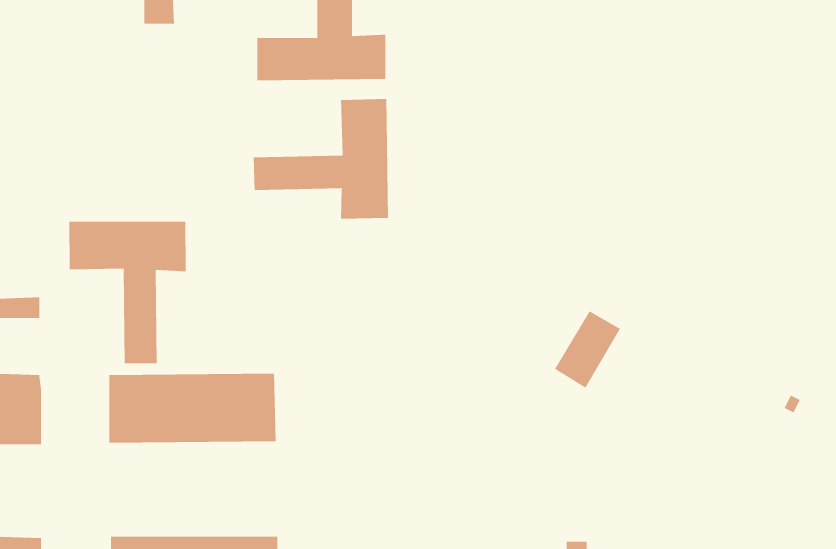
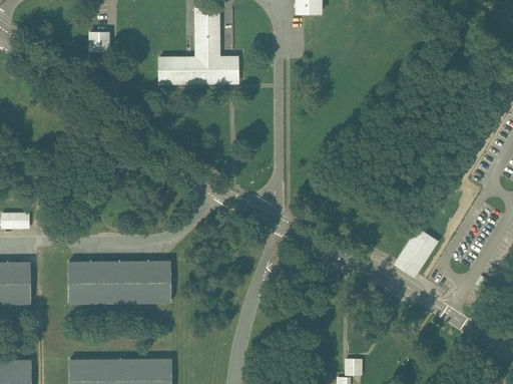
building: [253,98,388,220] -> none
building: [69,221,186,364] -> none
building: [554,311,621,389] -> [396,231,436,278]

